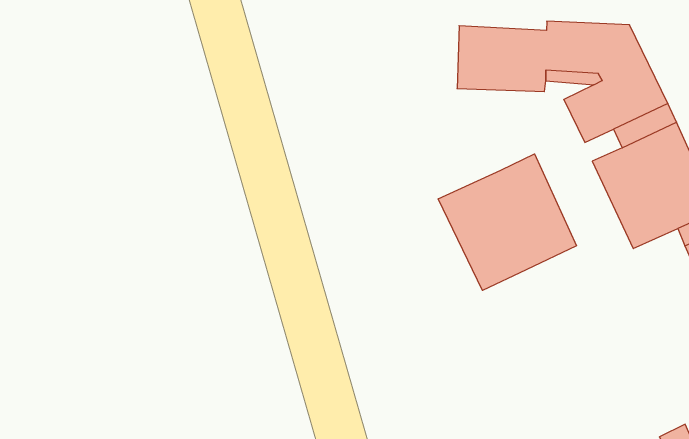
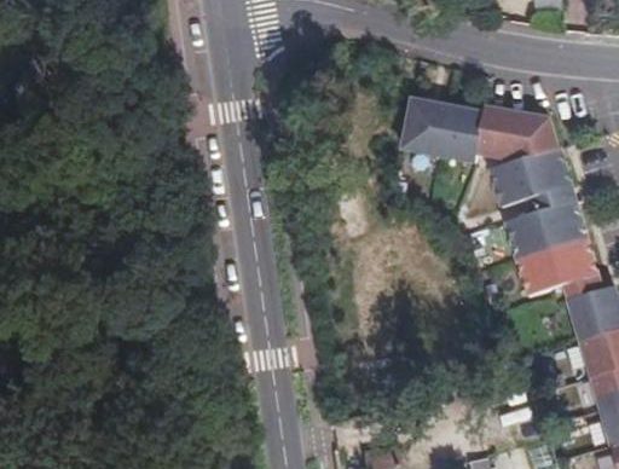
building: [438,154,576,290] -> none

